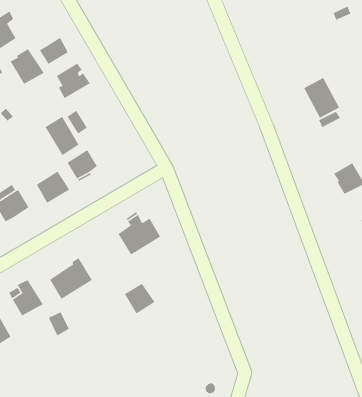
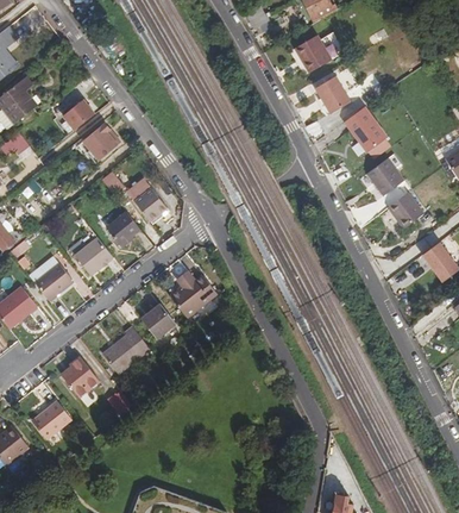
building: none -> [294,35,331,73]
building: none -> [314,76,350,113]
building: [10,48,45,85] -> none
building: [44,116,79,156] -> [125,180,164,223]
building: none -> [367,158,403,195]
building: [124,283,156,315] -> [139,307,174,342]

